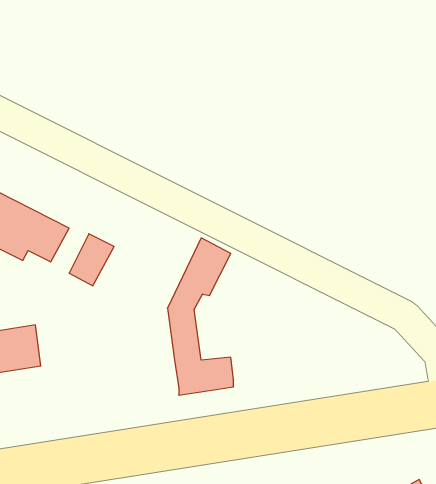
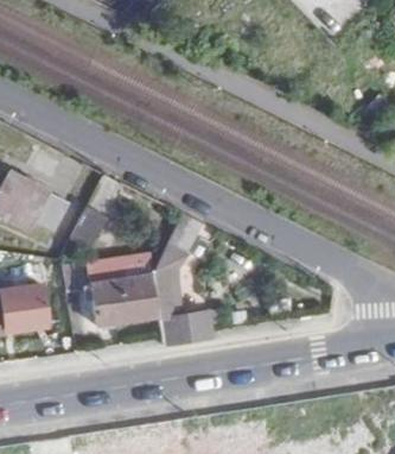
building: none -> [84,259,158,326]

